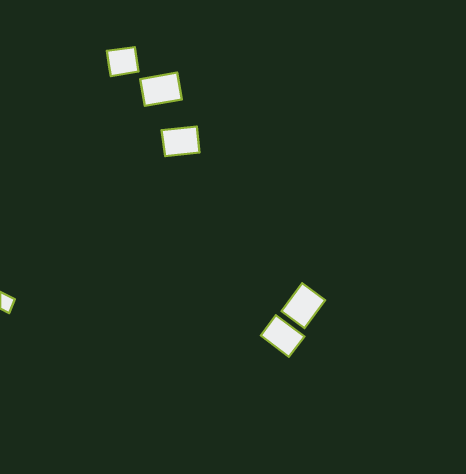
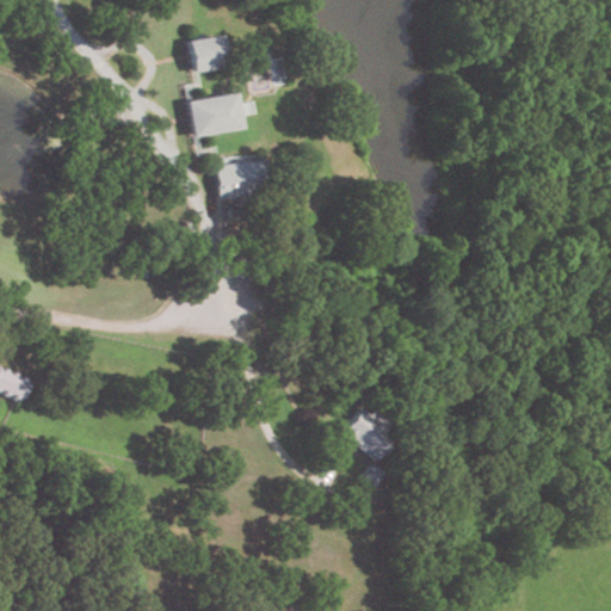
building: [107,47,139,76] -> [189,35,229,72]
building: [282,283,325,328] -> none

